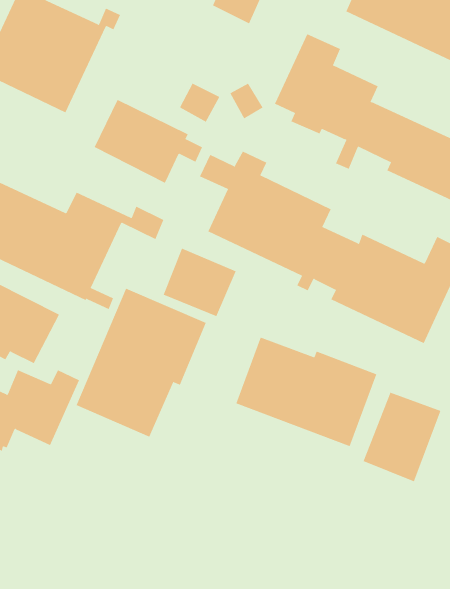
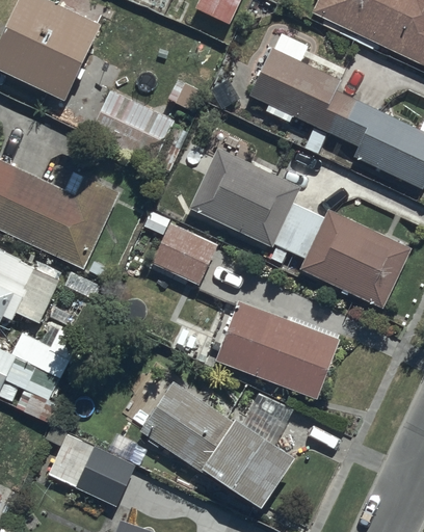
building: [76,288,206,438] -> none
building: [363,392,441,482] -> none
building: none -> [140,373,298,512]
building: none -> [44,422,143,506]

